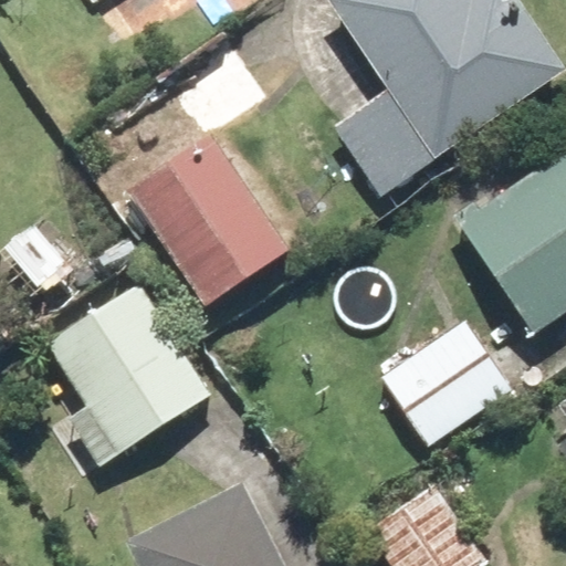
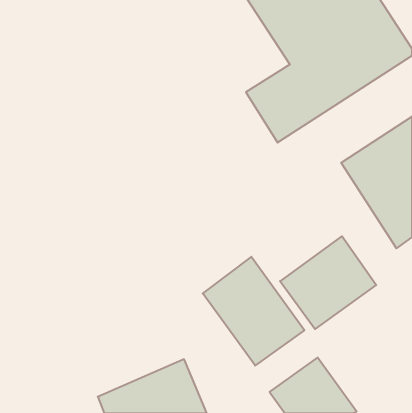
building: [125,139,286,307] -> none
building: [25,282,216,472] -> none
building: none -> [203,257,304,366]

